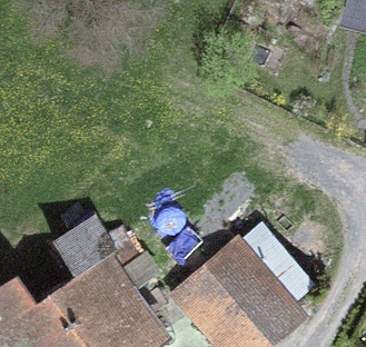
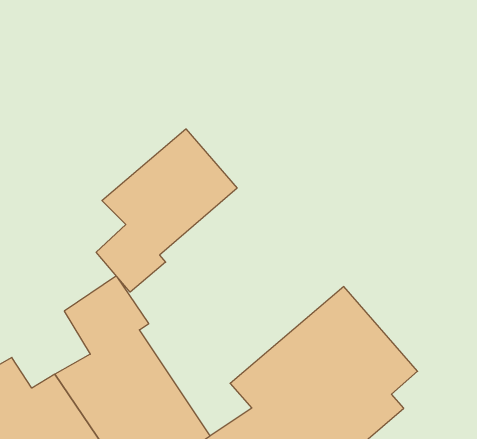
building: none -> [96,129,237,292]

